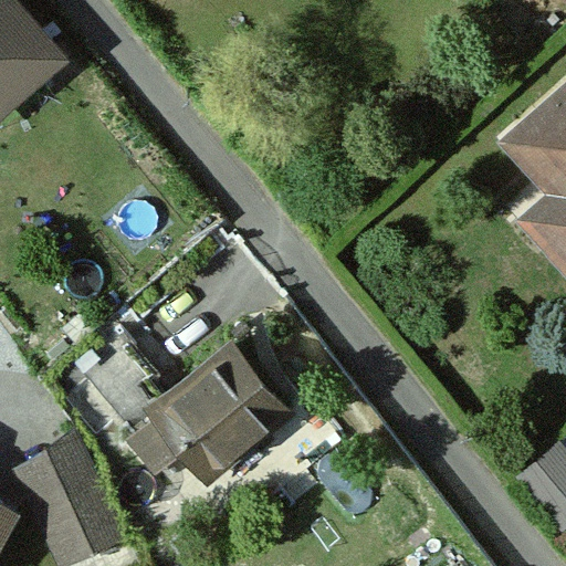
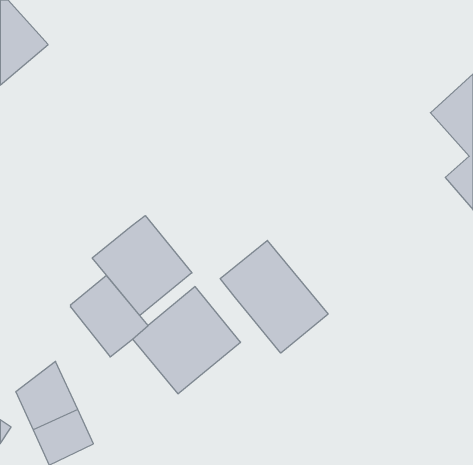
building: none -> [92,216,192,316]
building: none -> [220,240,328,353]

